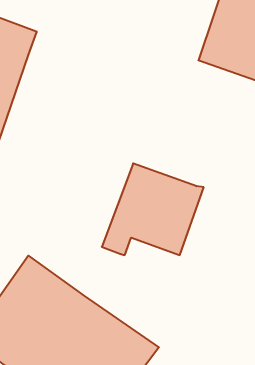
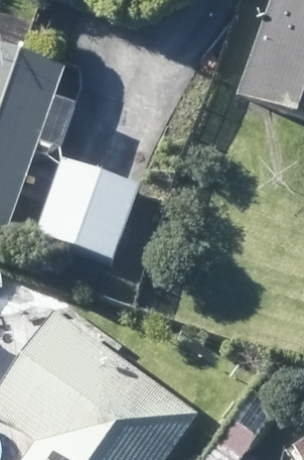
building: [102,163,204,255] -> [28,155,140,256]

